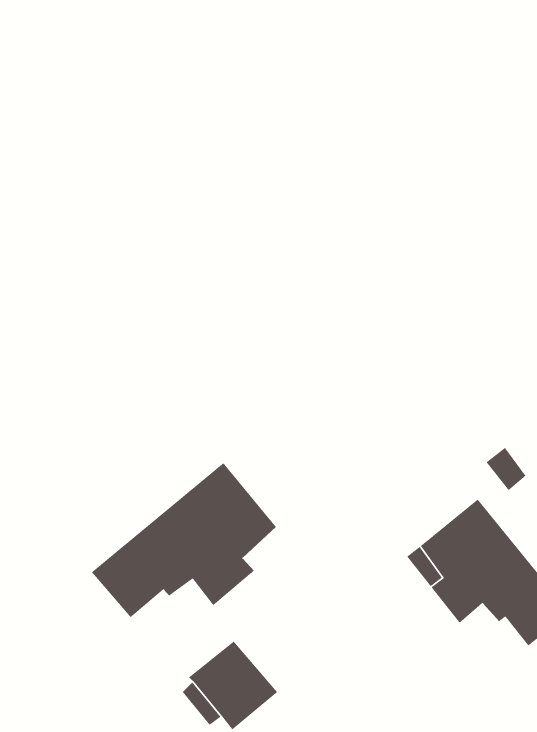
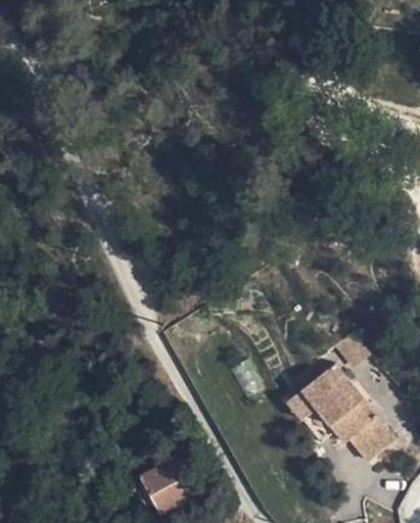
building: [91,462,277,618] -> none

